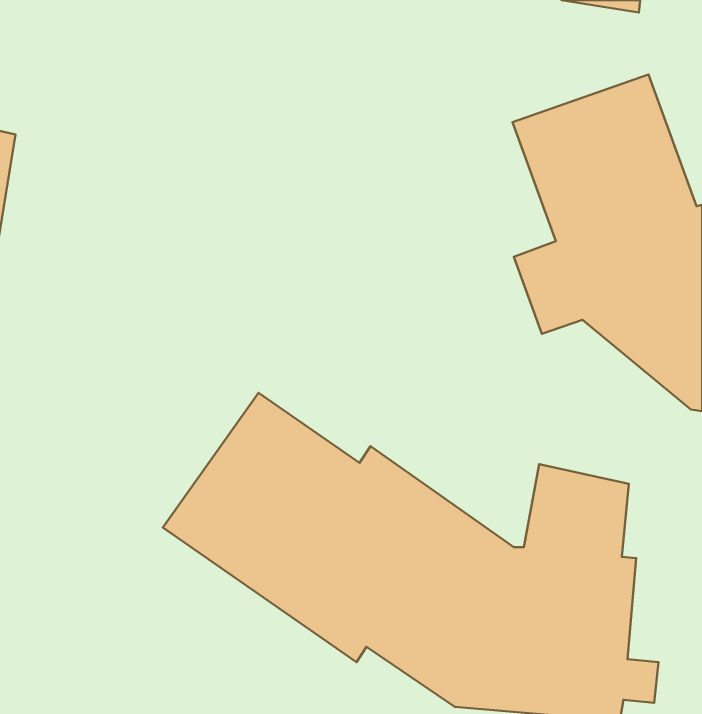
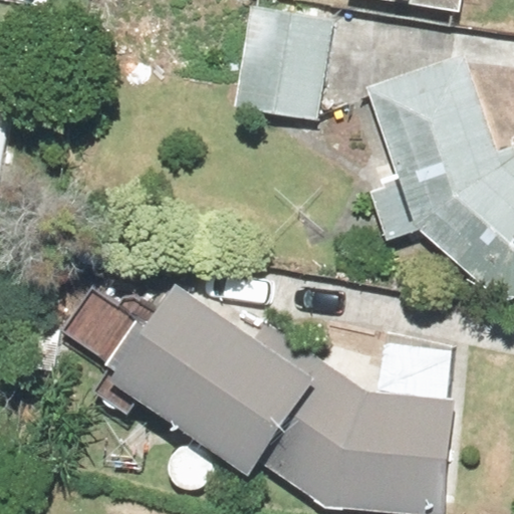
building: none -> [232,7,331,121]

